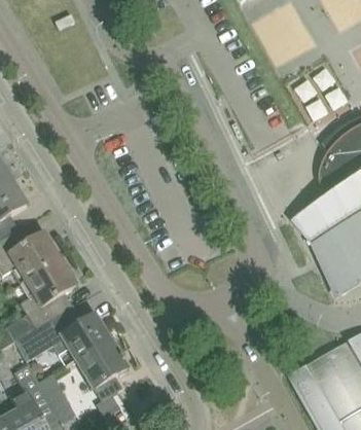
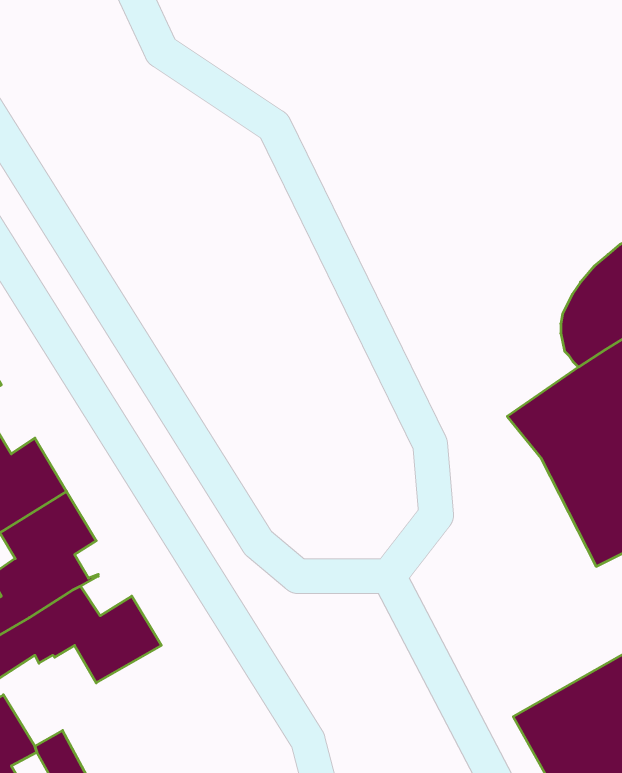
building: [77,339,130,400] -> none

